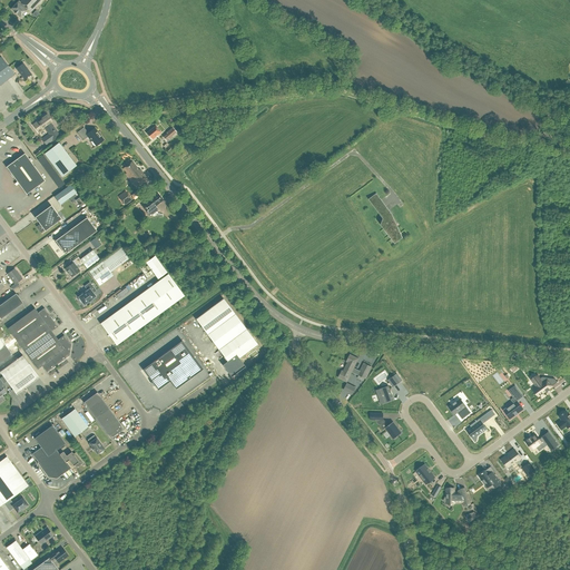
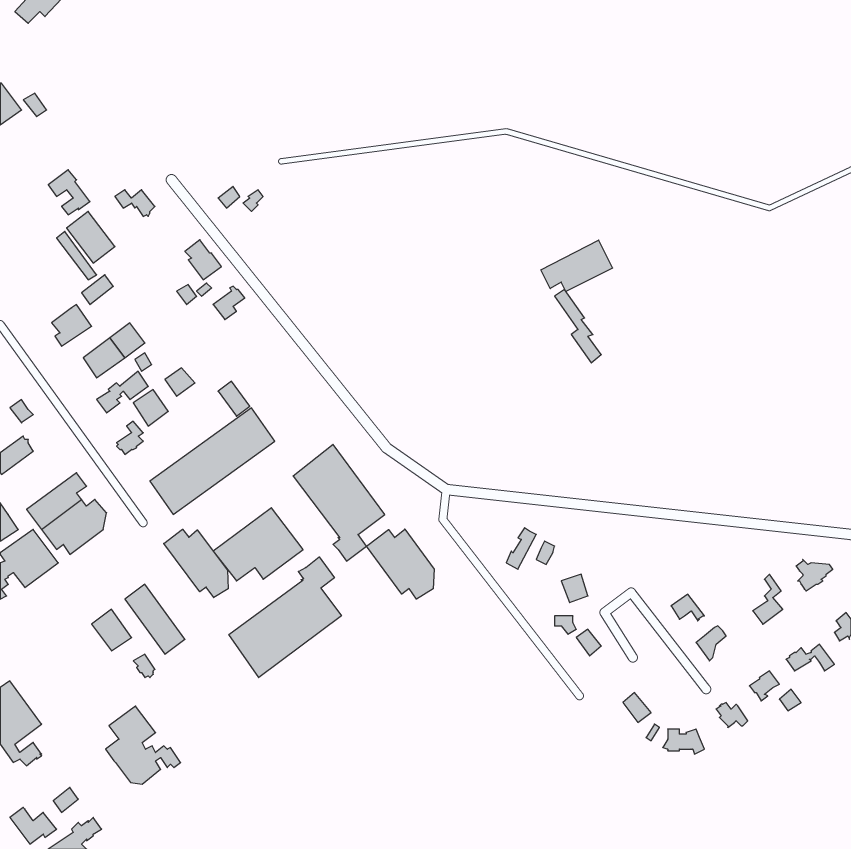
building: [6,153,45,193] -> none
building: none -> [541,240,613,291]
building: [8,307,51,341] -> none
building: none -> [366,529,434,599]
building: none -> [164,529,228,598]
building: none -> [229,557,341,678]
building: [32,424,82,476] -> [106,706,181,784]

